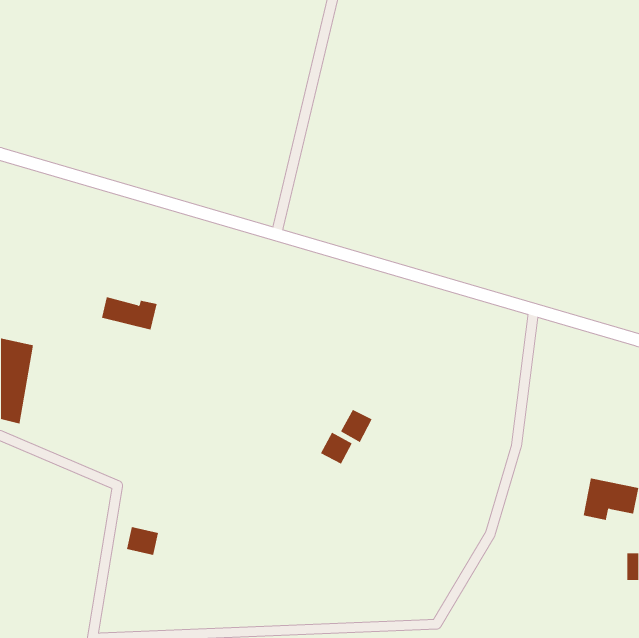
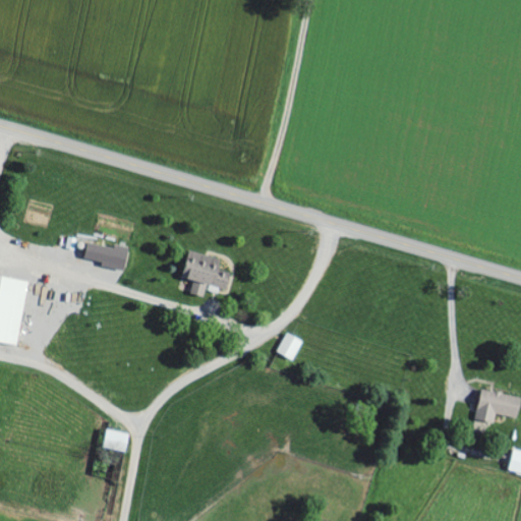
building: none -> [180,249,230,296]
building: [320,432,353,465] -> none

